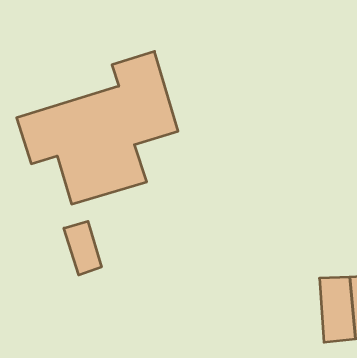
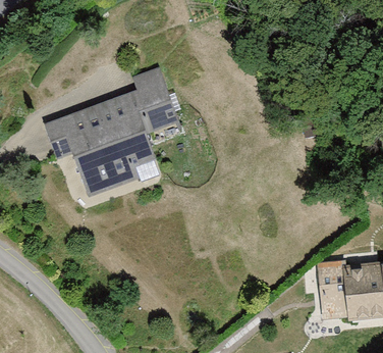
building: [64,221,101,275] -> none

